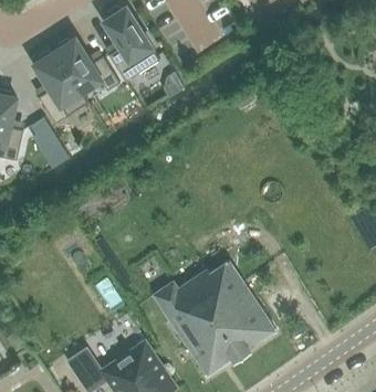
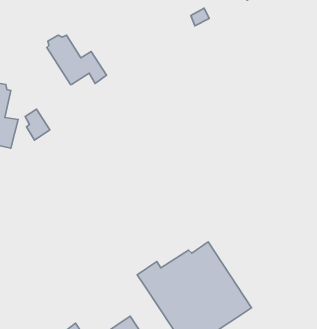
building: [104,6,160,81] -> none
building: [34,51,88,123] -> none

